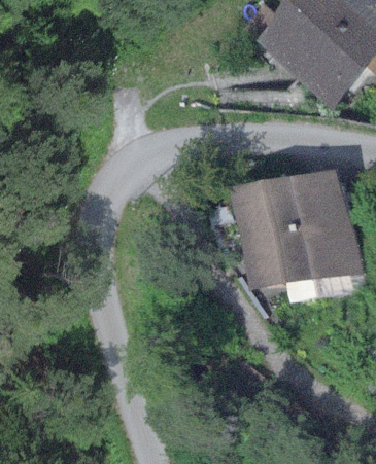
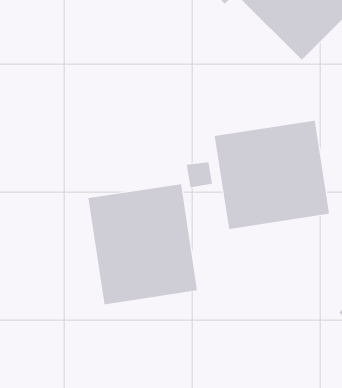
building: none -> [88,183,198,305]

